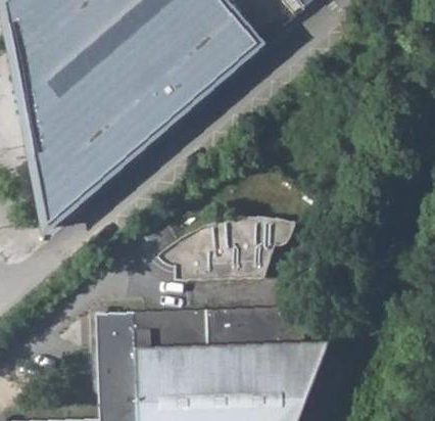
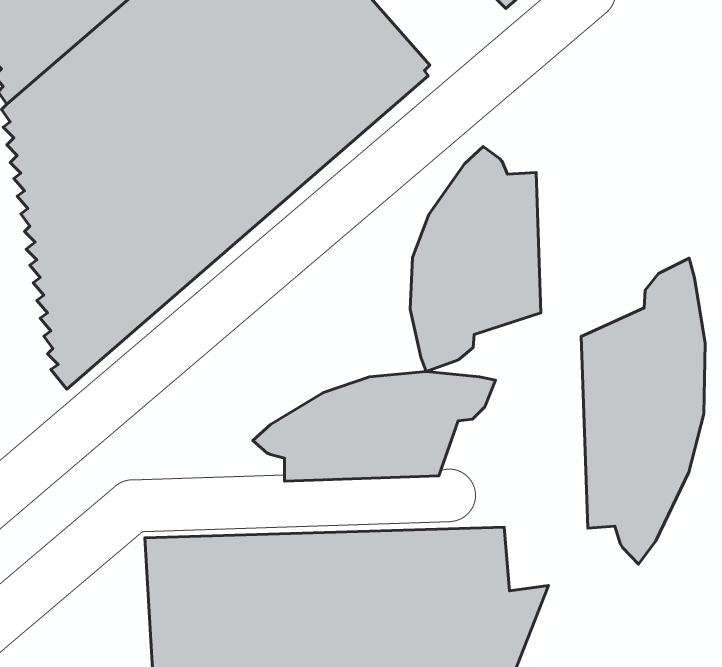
building: none -> [410,147,541,371]
building: none -> [581,258,705,564]

